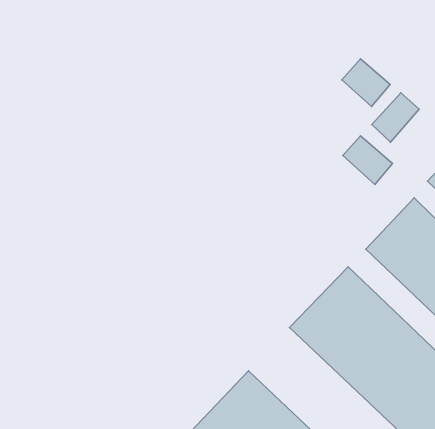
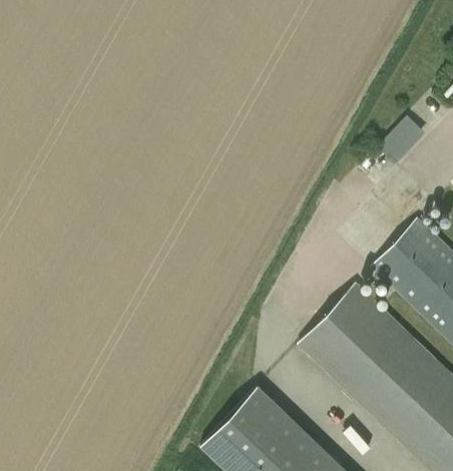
building: [342,59,390,107] -> none
building: [343,136,393,184] -> none

